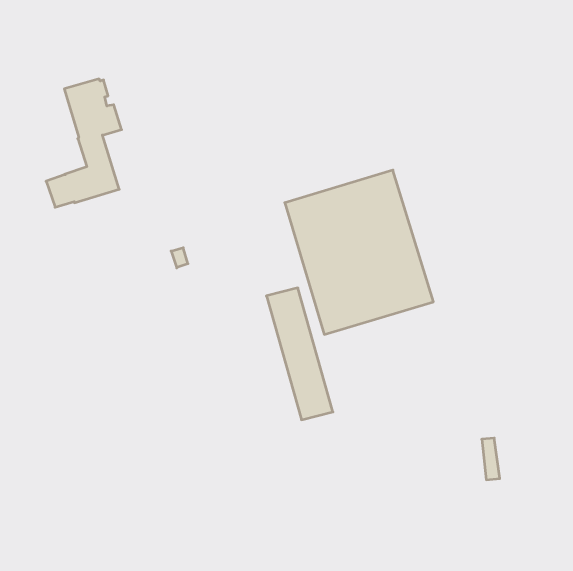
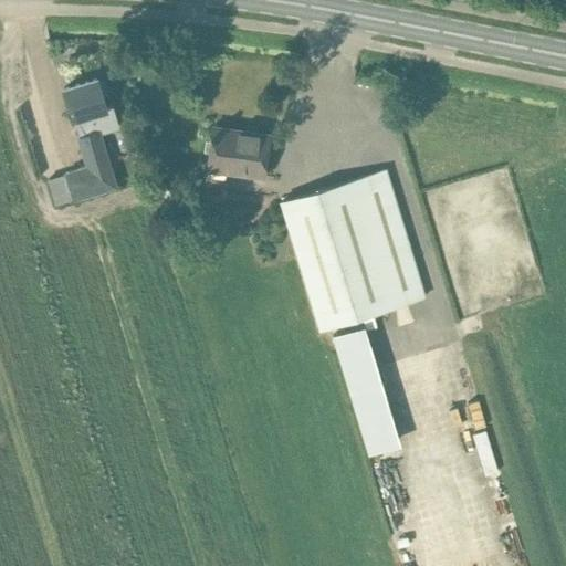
building: none -> [209,129,272,180]
building: [266,288,333,420] -> [331,327,396,457]

